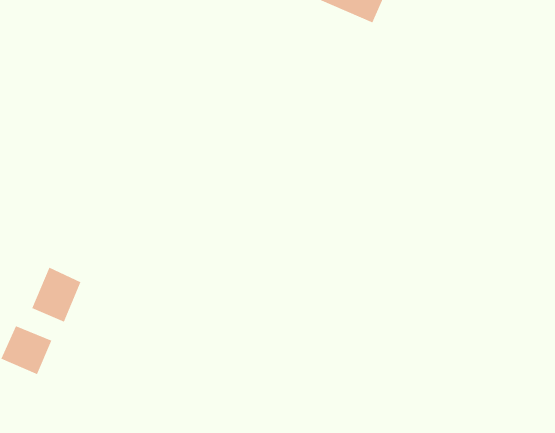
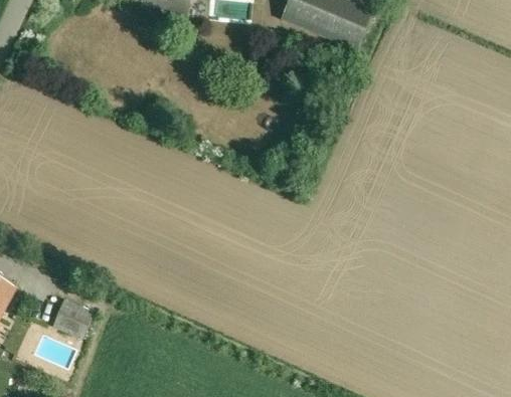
building: [31,267,81,322] -> none

